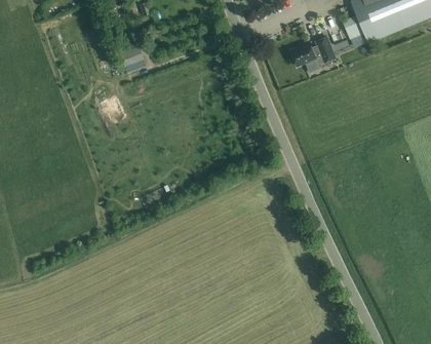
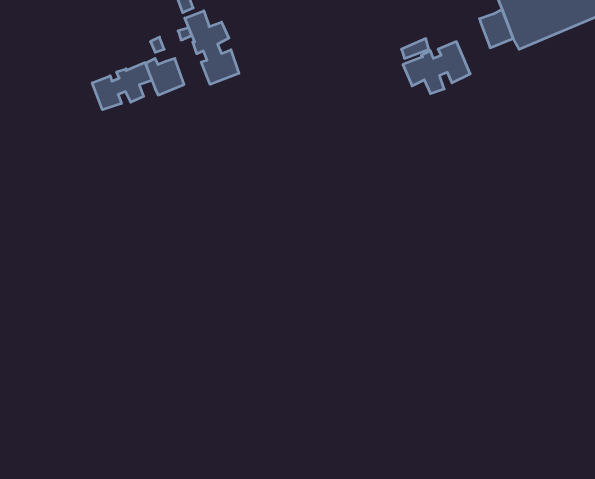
building: none -> [185,11,239,84]
building: none -> [92,63,152,110]

